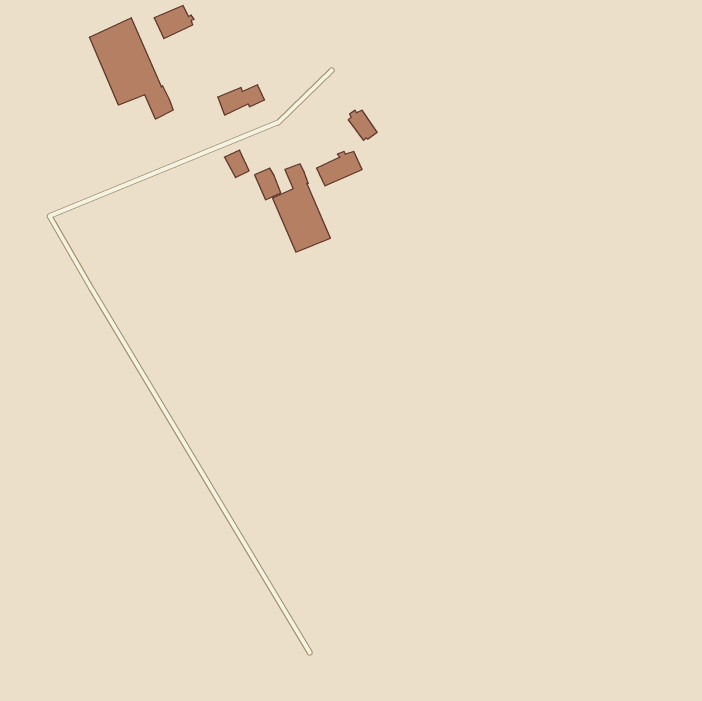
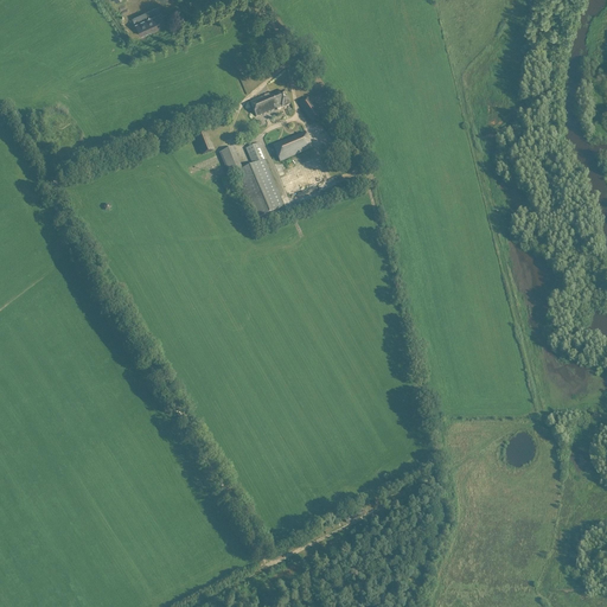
building: [90,18,173,119] -> none
building: [218,85,265,115] -> [251,89,292,115]

